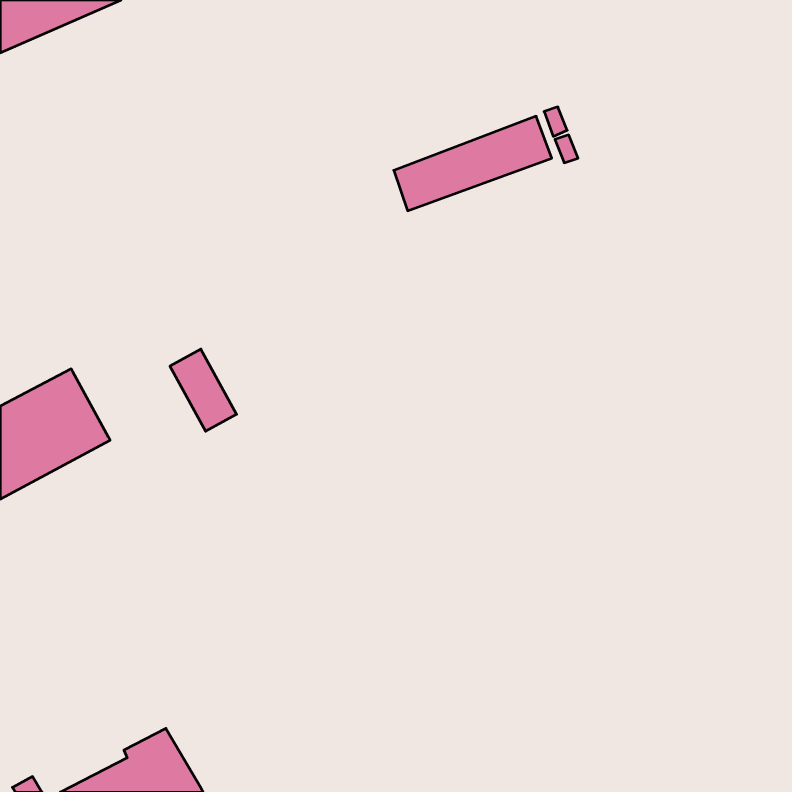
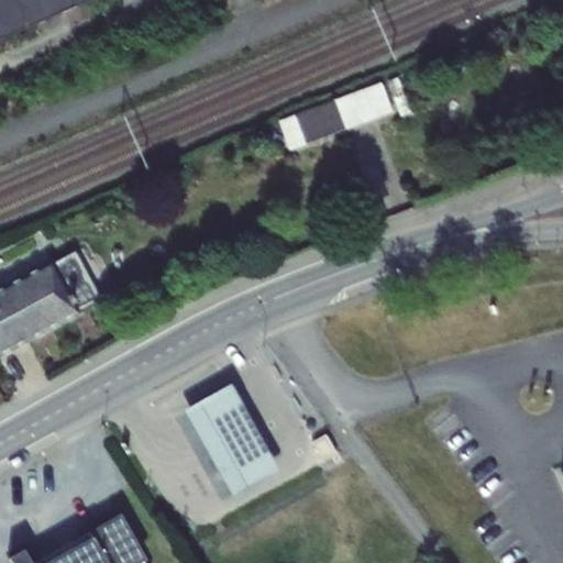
building: [170,349,237,431] -> [52,252,99,310]
building: none -> [168,391,280,481]

